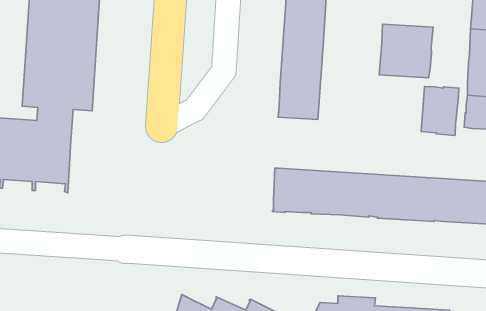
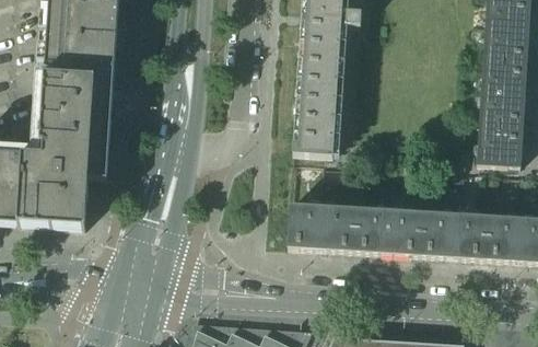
building: [379,24,433,78] -> none
building: [421,86,459,136] -> none

